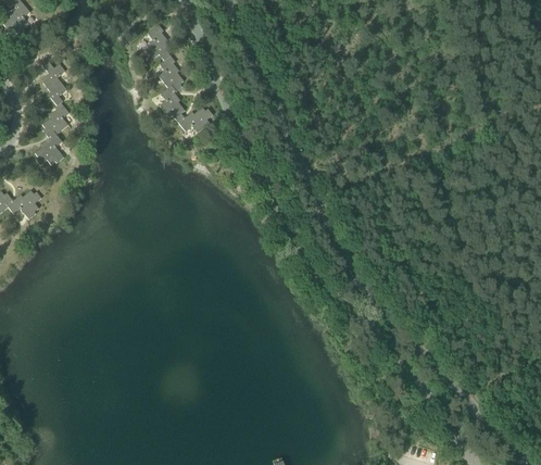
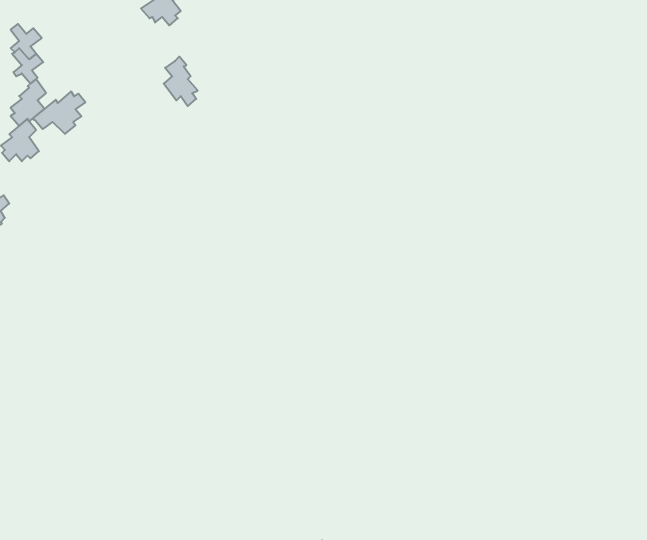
building: [158,55,184,91] -> none
building: [177,106,212,133] -> none
building: none -> [33,91,85,134]

